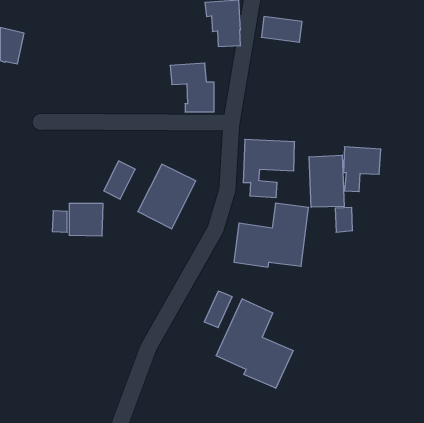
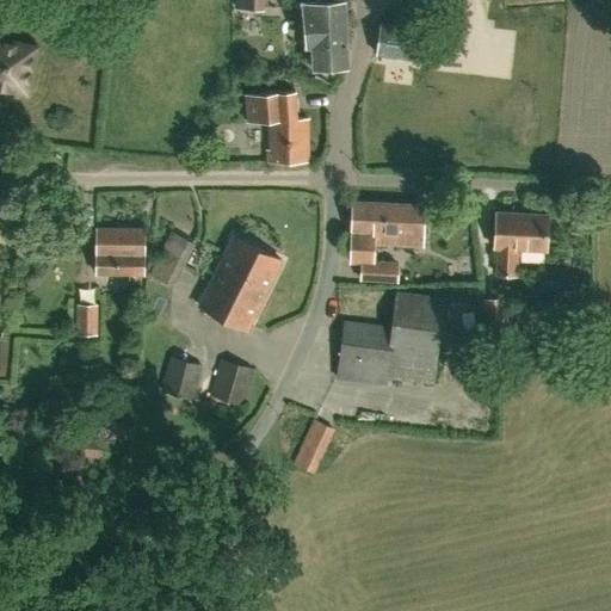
building: [309,155,344,207] -> none
building: [69,204,103,236] -> [95,229,144,276]
building: none -> [160,356,202,400]
building: none -> [209,362,253,405]
building: [216,299,293,388] -> none

